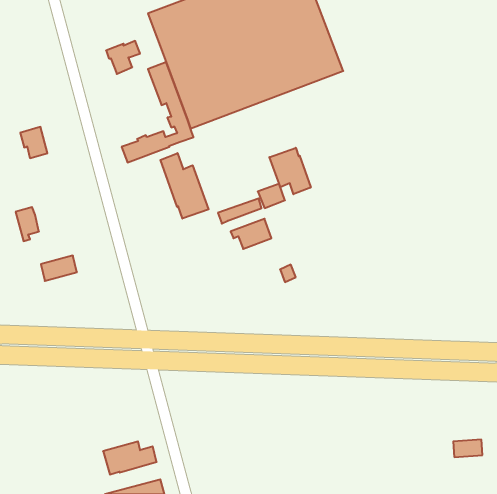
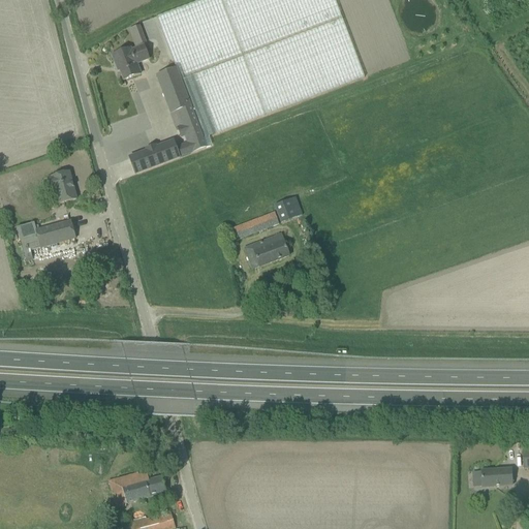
building: [20,127,47,158] -> [48,169,76,203]
building: [269,148,311,194] -> none
building: [160,153,209,219] -> none
building: [41,256,77,281] -> [37,219,75,246]

